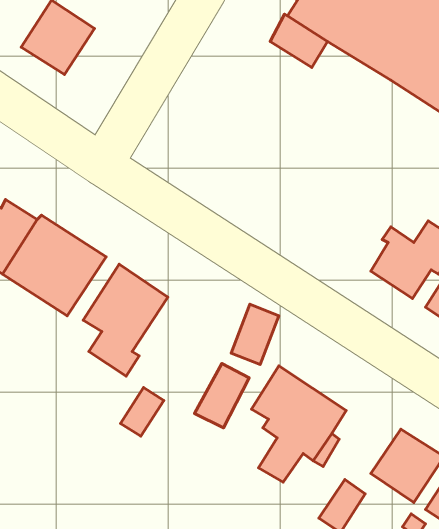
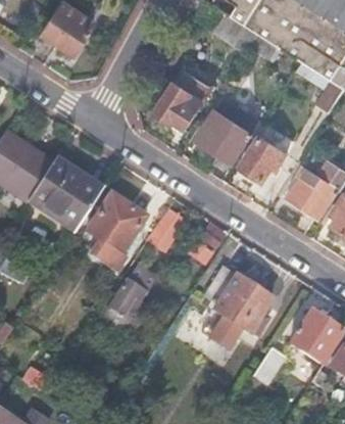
building: none -> [158,66,214,129]
building: none -> [199,95,265,161]
building: none -> [242,136,289,181]
building: [195,363,249,428] -> [148,204,187,250]

